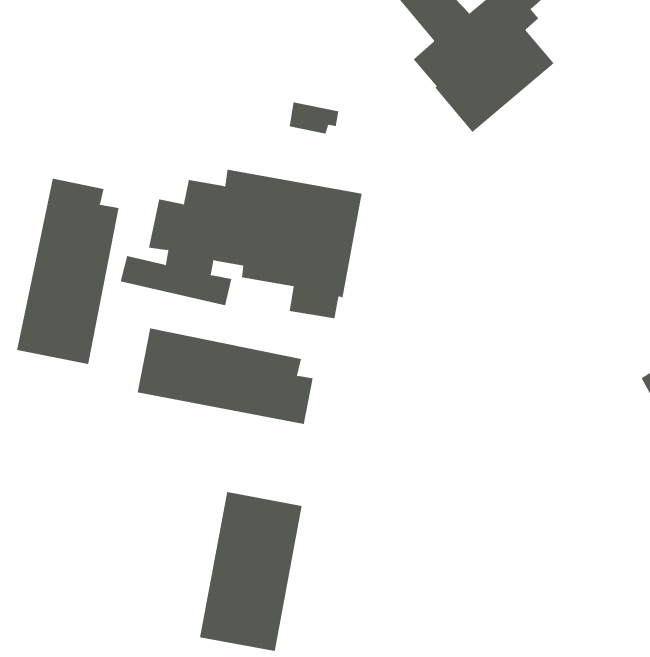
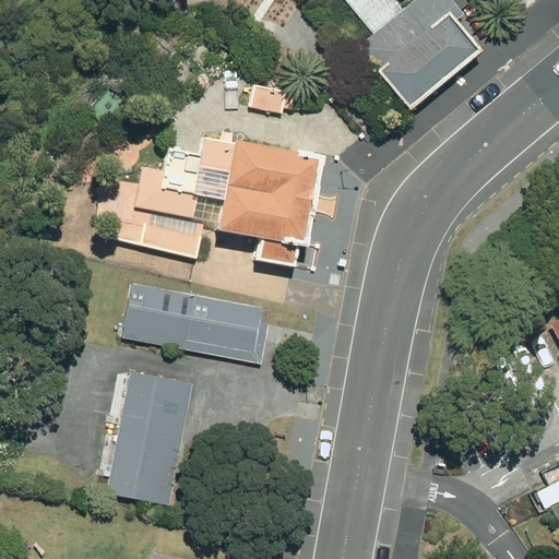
building: [17,178,119,365] -> none
building: [199,492,302,652] -> [108,366,195,501]

